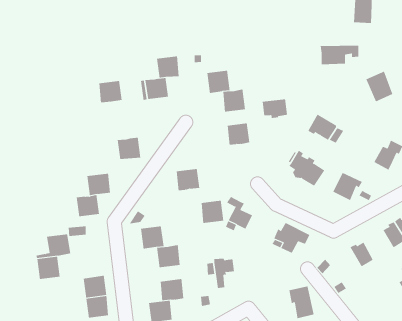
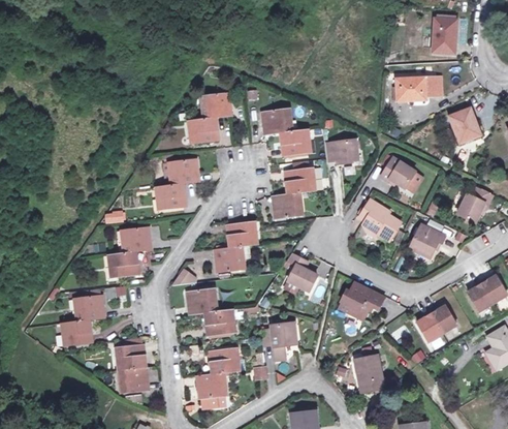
building: [98,81,123,103] -> [171,159,199,185]
building: none -> [274,192,300,218]
building: [201,200,224,223] -> [215,245,242,272]
building: none -> [415,311,441,342]

